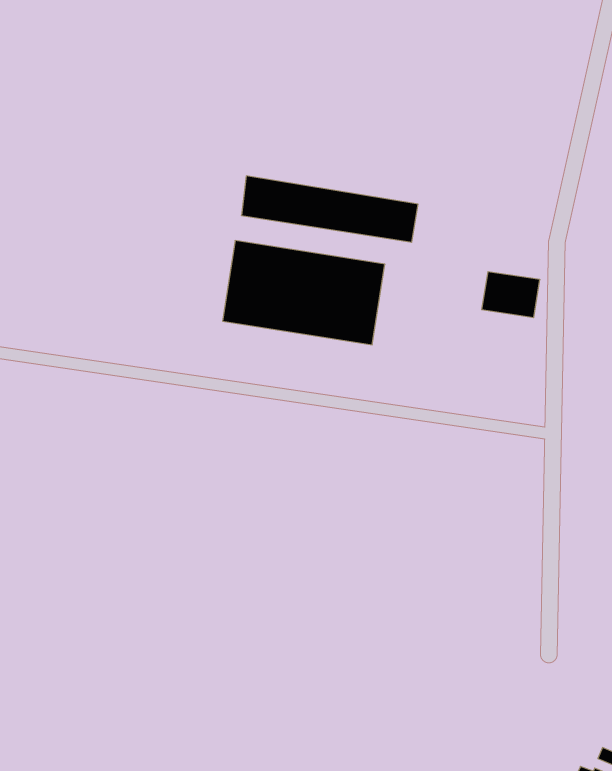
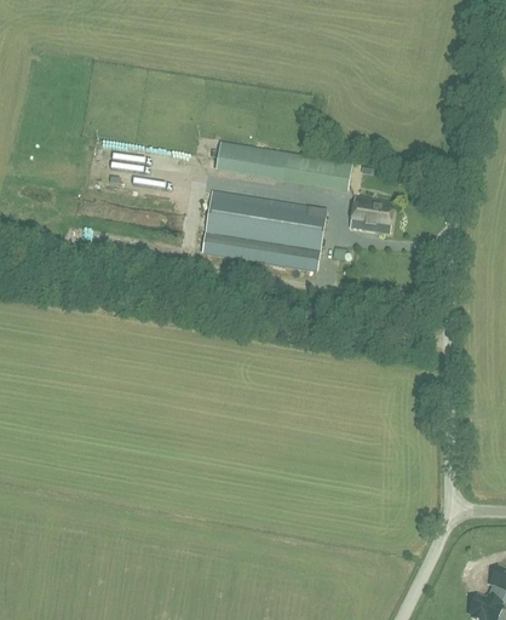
building: [482,272,540,318] -> [350,197,395,232]

